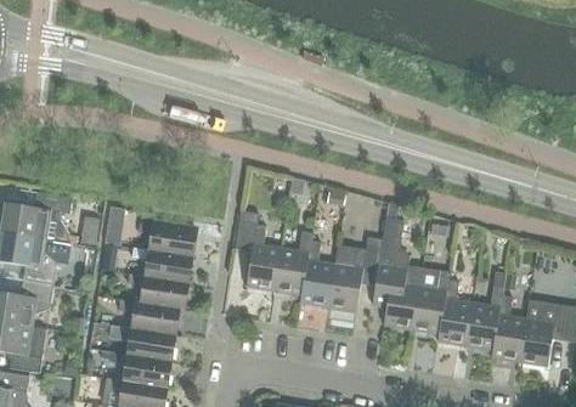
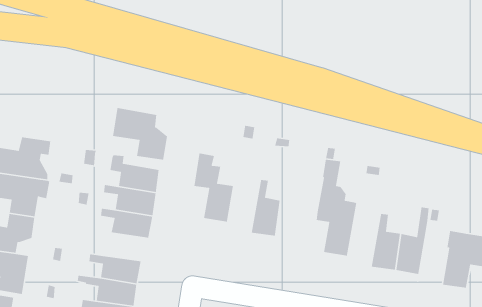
building: none -> [112,107,168,161]
building: [273,230,312,301] -> none
building: [328,236,383,310] -> none
building: [411,266,450,340] -> none
building: [491,294,526,361] -> none
building: [118,298,183,333] -> none

